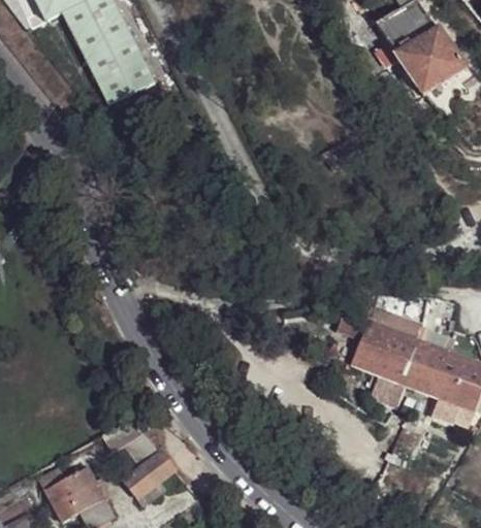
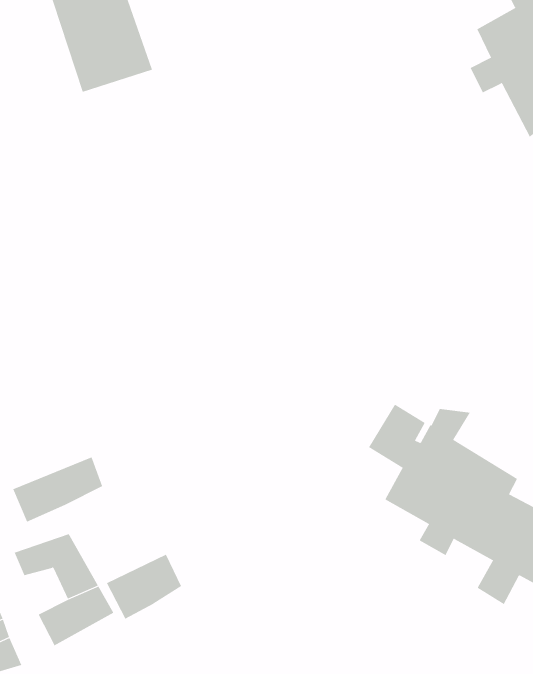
building: none -> [12,457,103,523]
building: none -> [106,554,182,619]

